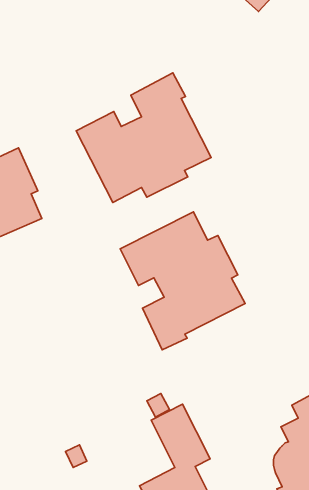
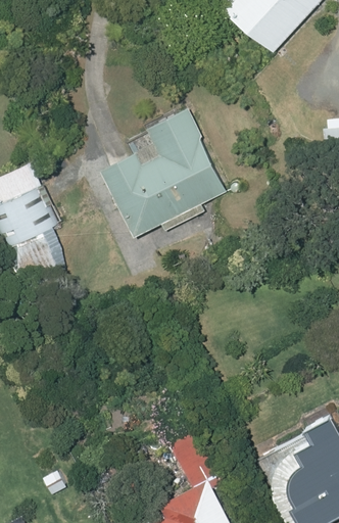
building: [120,212,245,350] -> none

